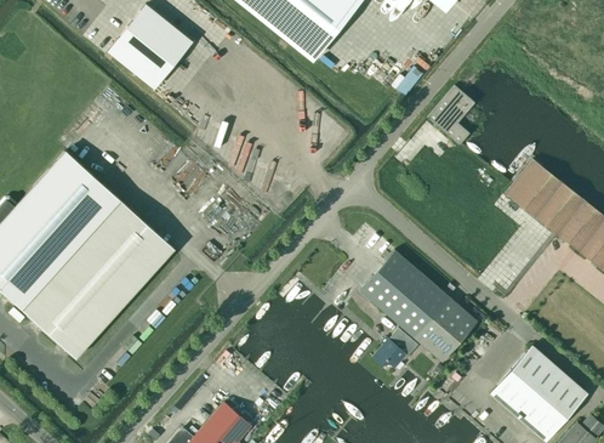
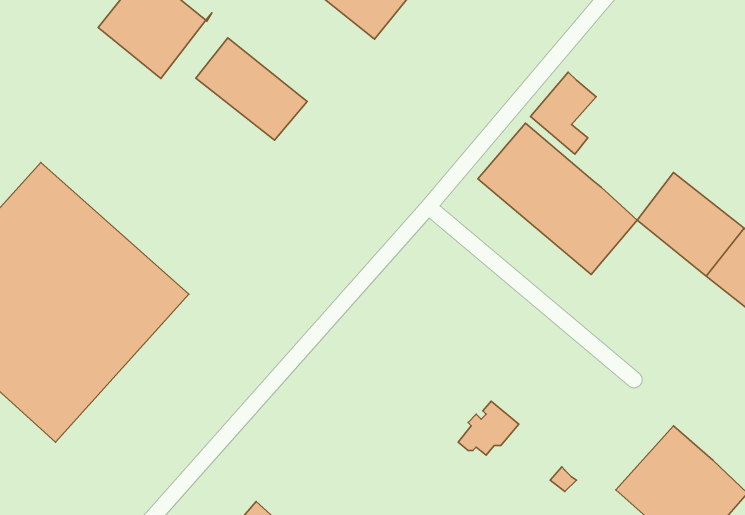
building: none -> [196,38,307,140]
building: [360,250,478,362] -> [478,123,637,274]

